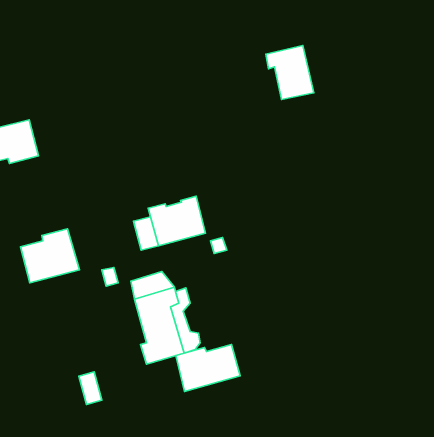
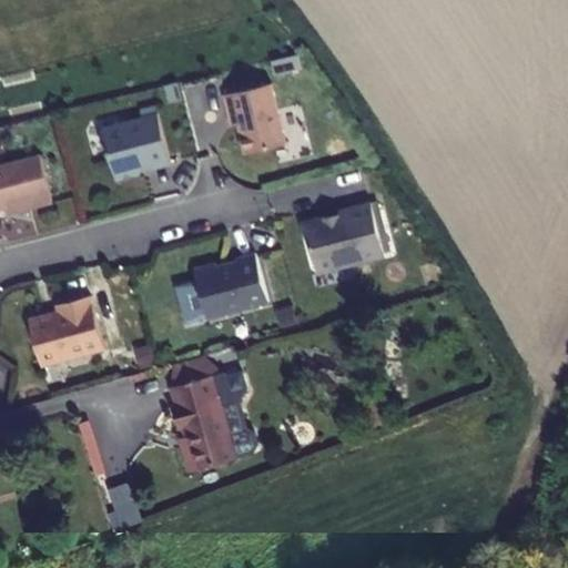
building: [266,46,314,100] -> [222,84,284,154]
building: none -> [100,114,168,182]
building: none -> [301,204,381,273]
building: [176,345,240,392] -> none

